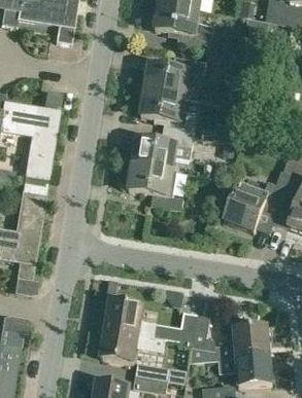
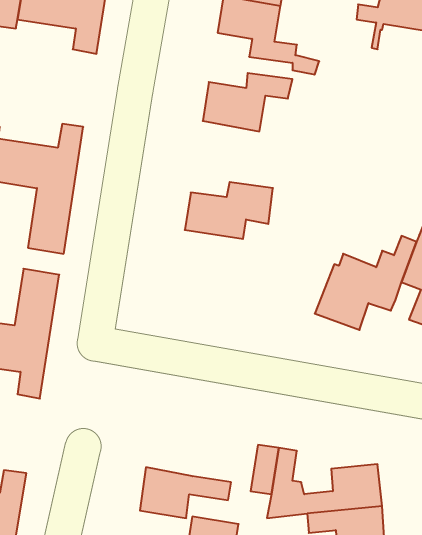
building: [141,89,196,136] -> none
building: [129,165,184,211] -> none
building: [106,300,143,334] -> none

